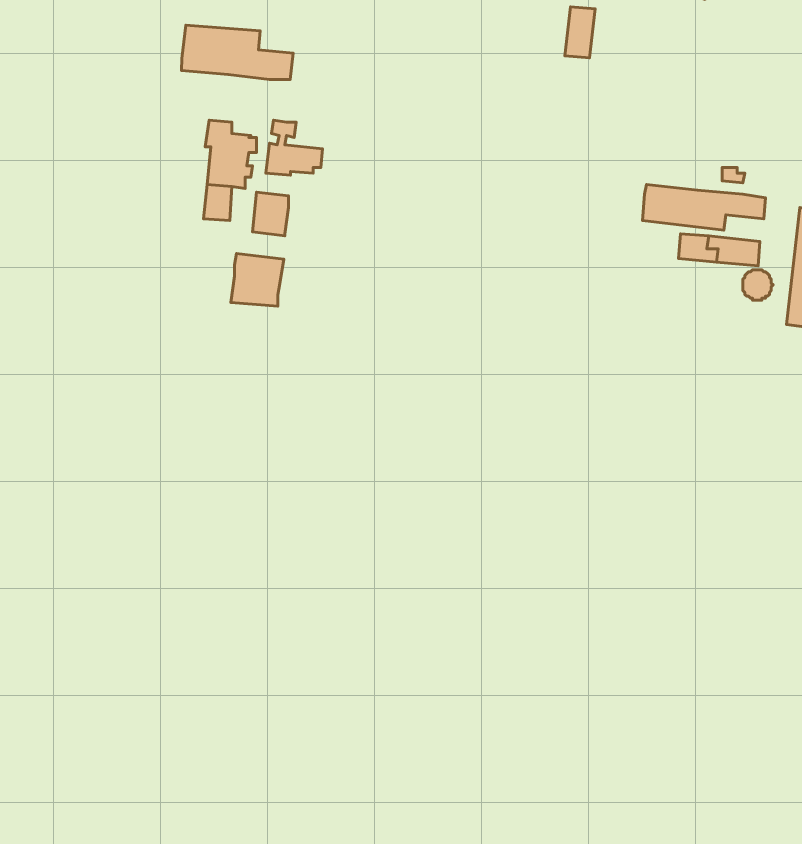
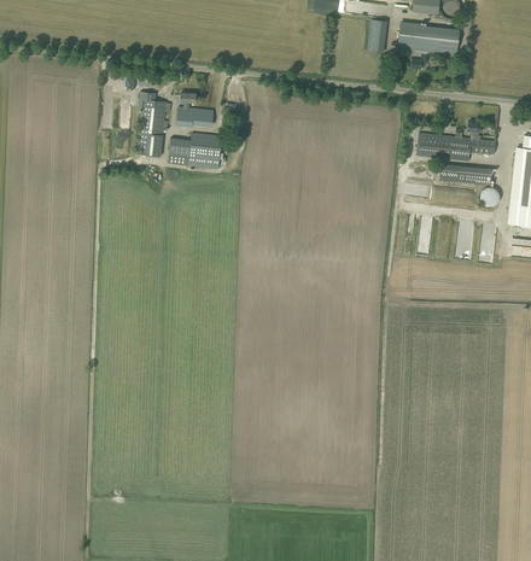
building: none -> [398,22,460,68]
building: [182,25,293,79] -> none
building: [231,253,284,306] -> [189,132,223,165]

